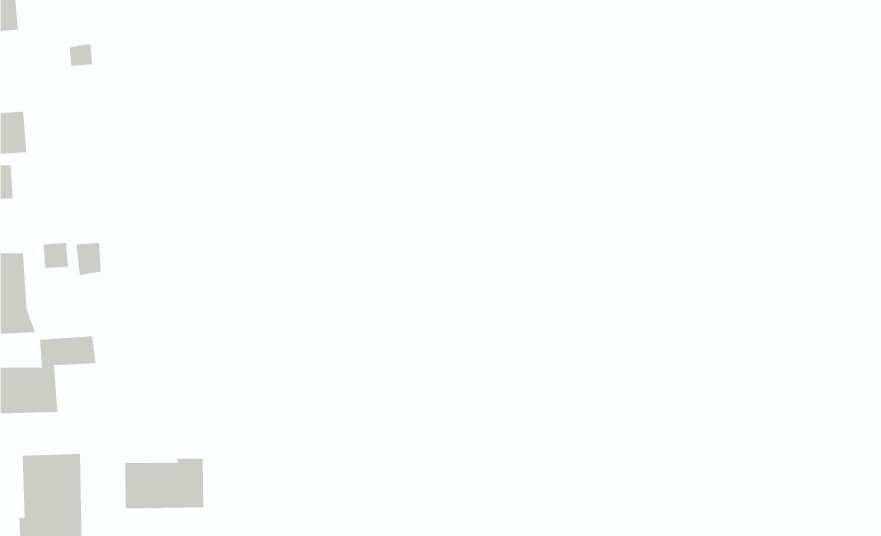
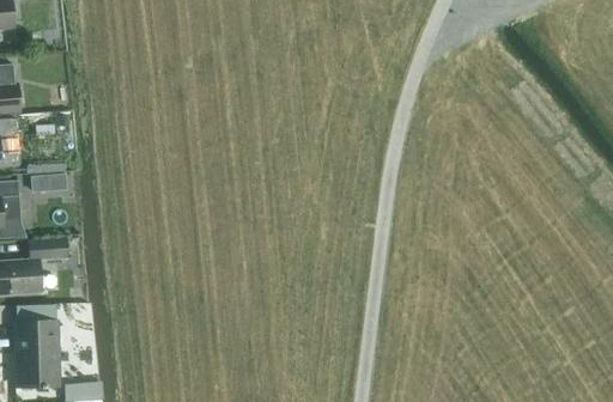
building: [125,458,204,509] -> none

